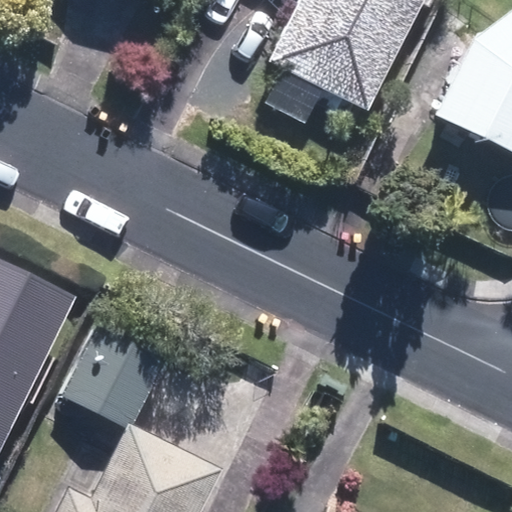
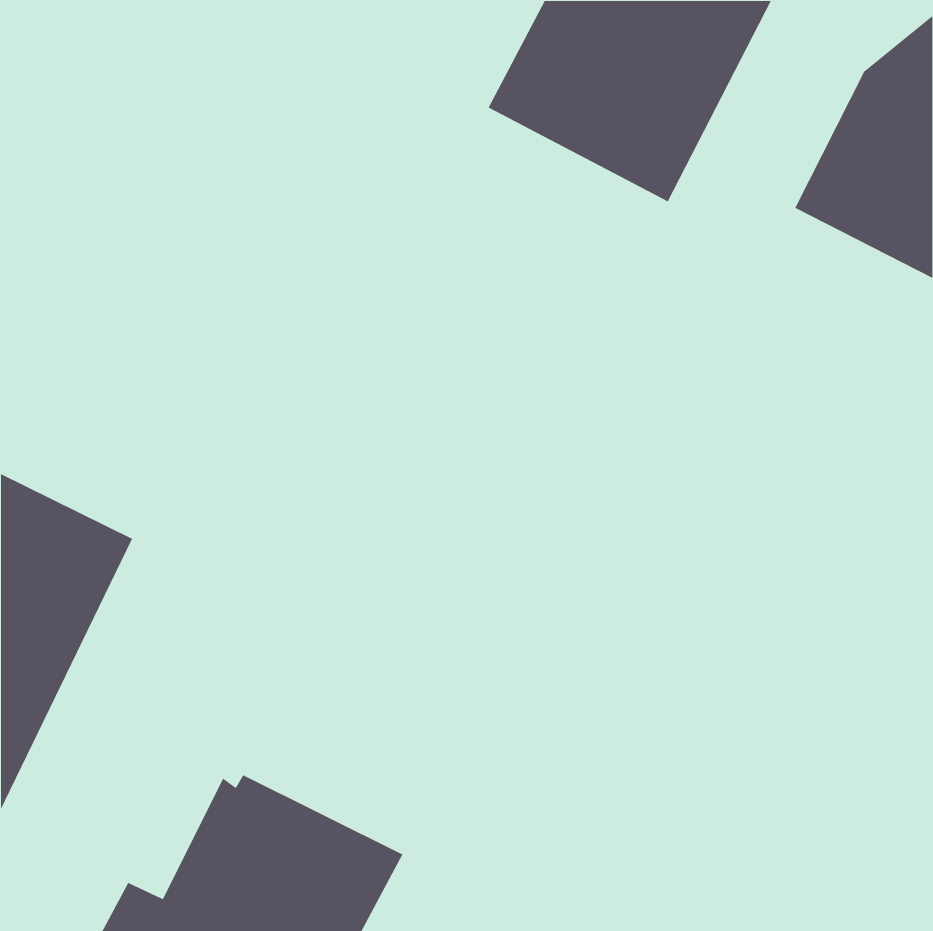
building: [58,322,164,429] -> none

